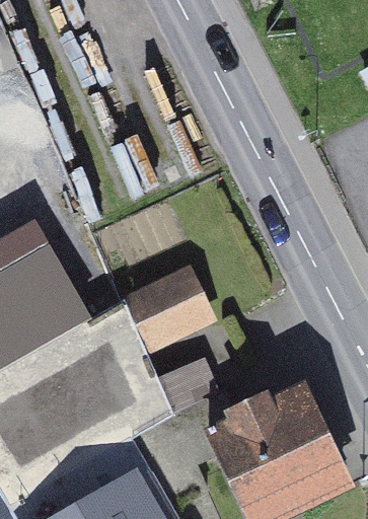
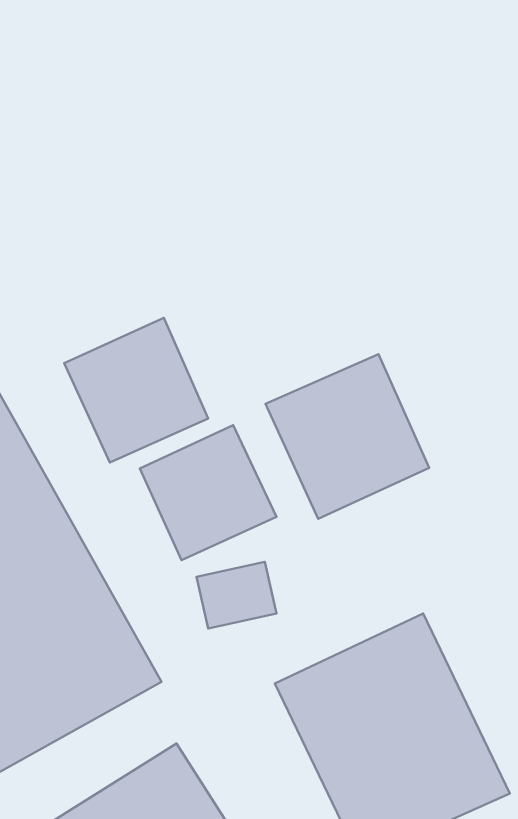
building: none -> [64,318,208,463]
building: none -> [266,354,429,519]

